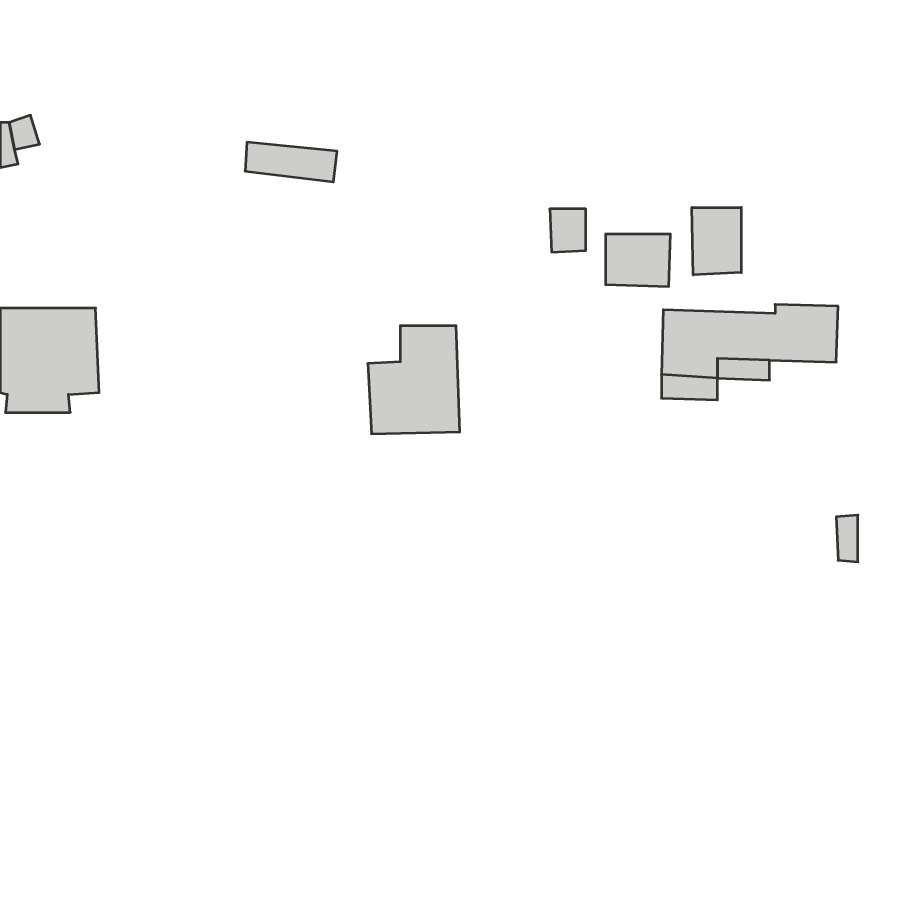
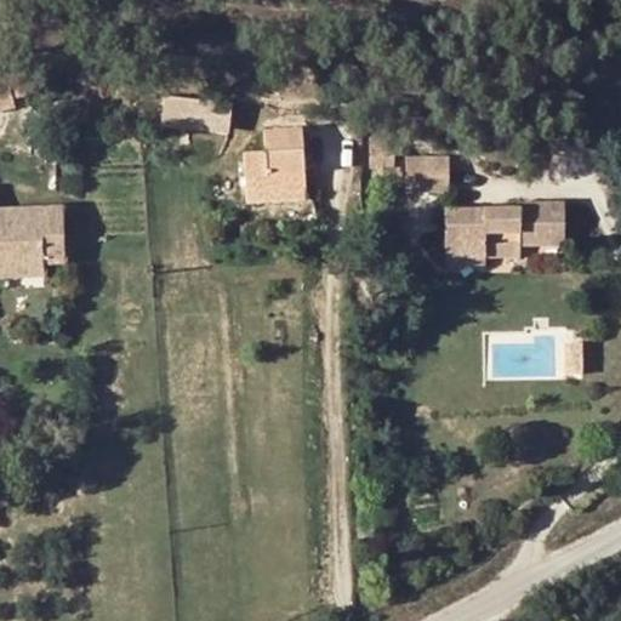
building: [692,207,741,275] -> none
building: [368,326,460,434] -> [241,127,303,200]

